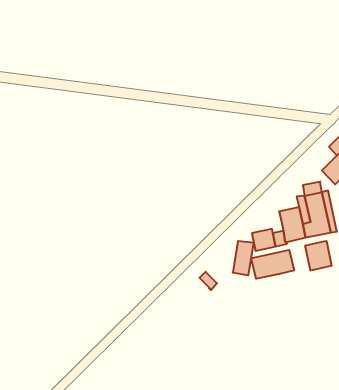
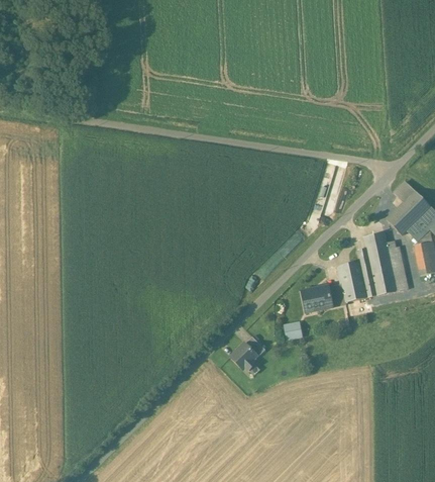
building: [305,241,332,271] -> none
building: [251,250,294,279] -> none
building: none -> [230,343,256,369]

